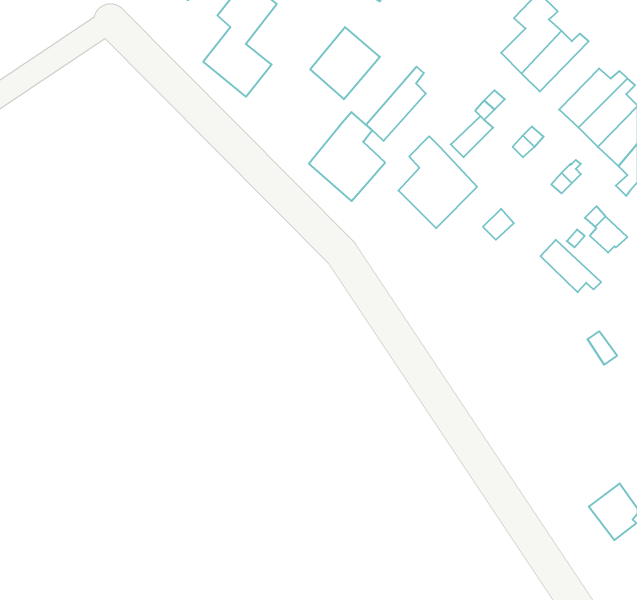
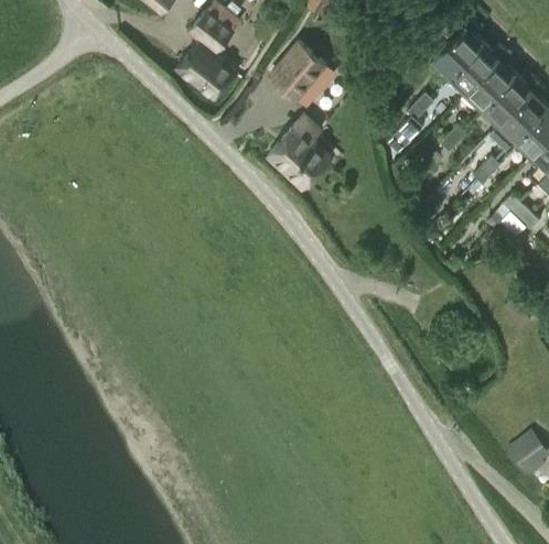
building: none -> [464,53,515,111]
building: [366,67,426,141] -> none
building: [398,136,477,228] -> none
building: [541,240,601,292] -> none

